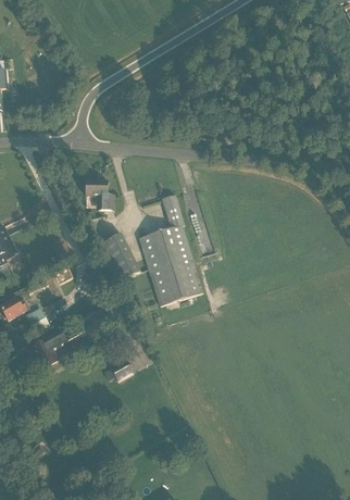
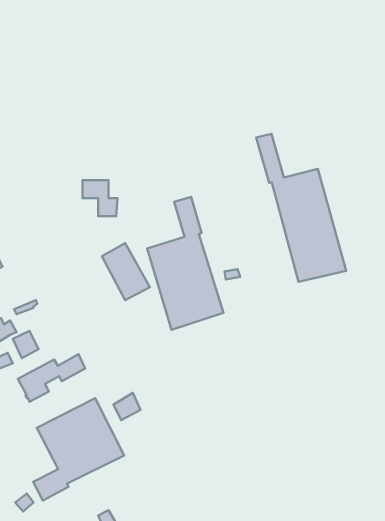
building: none -> [256,134,346,282]
building: none -> [33,398,124,500]

